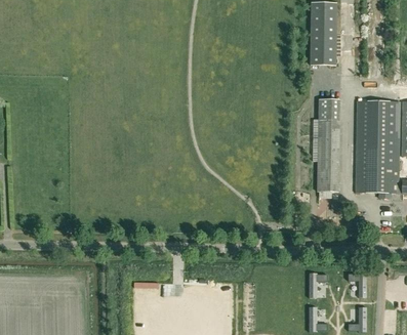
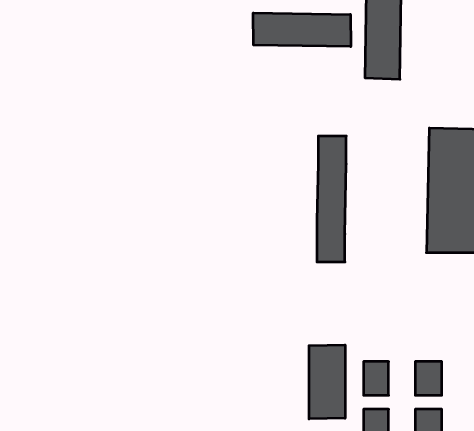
building: none -> [253,13,351,47]
building: [317,98,338,191] -> [317,136,346,262]
building: none -> [309,345,345,419]

